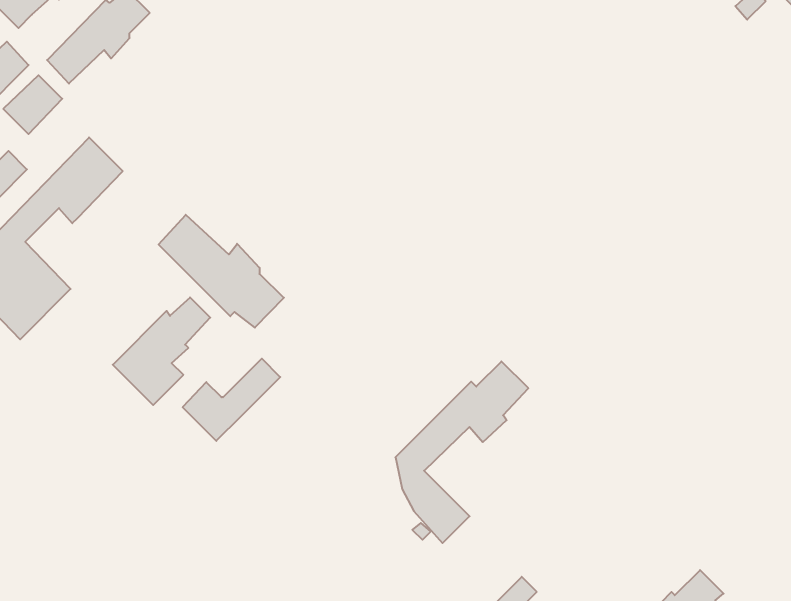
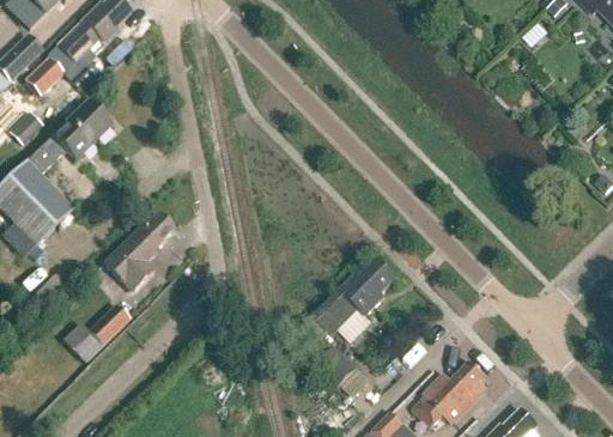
building: [159,215,284,328] -> none
building: [183,359,280,441] -> [62,305,132,364]
building: none -> [413,360,486,425]

